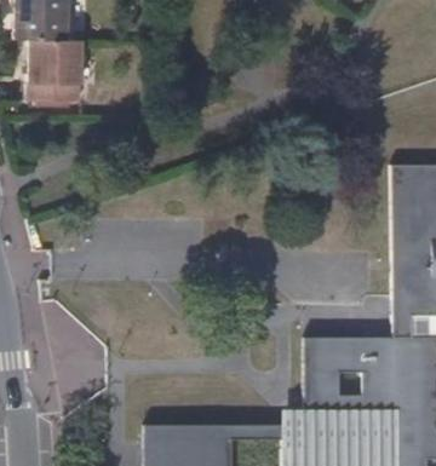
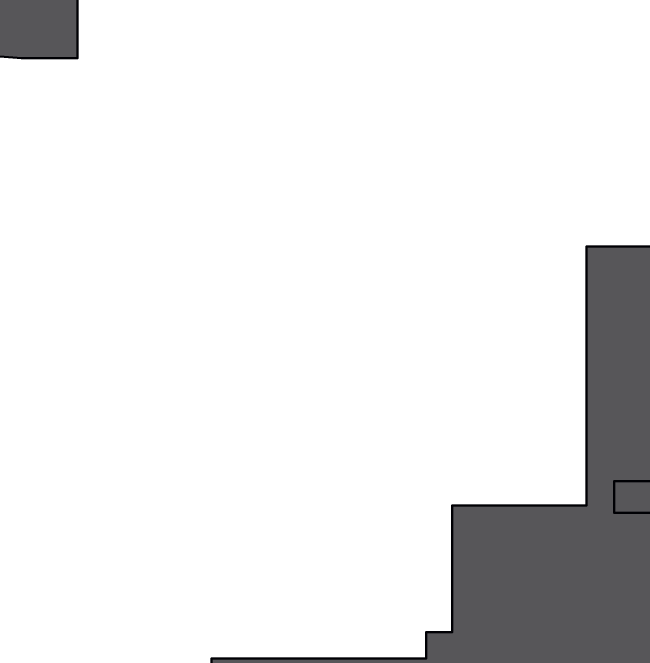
building: [25,40,79,99] -> none

